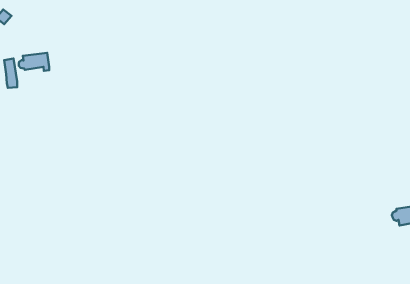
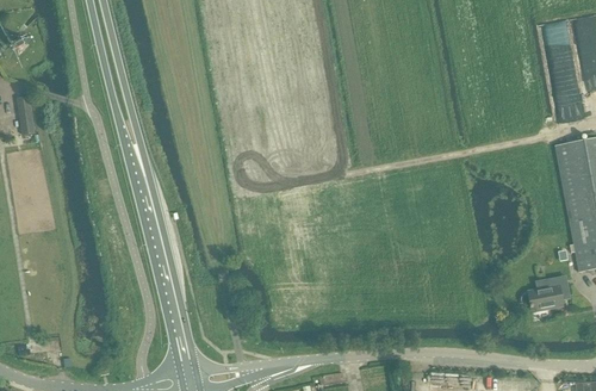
building: [19,53,49,71] -> none

